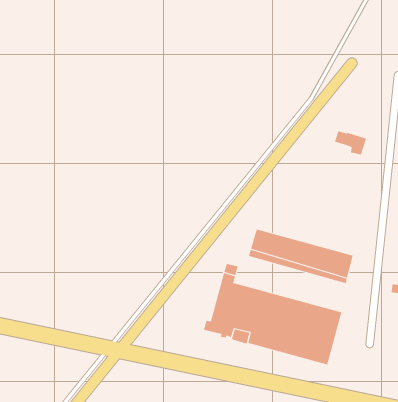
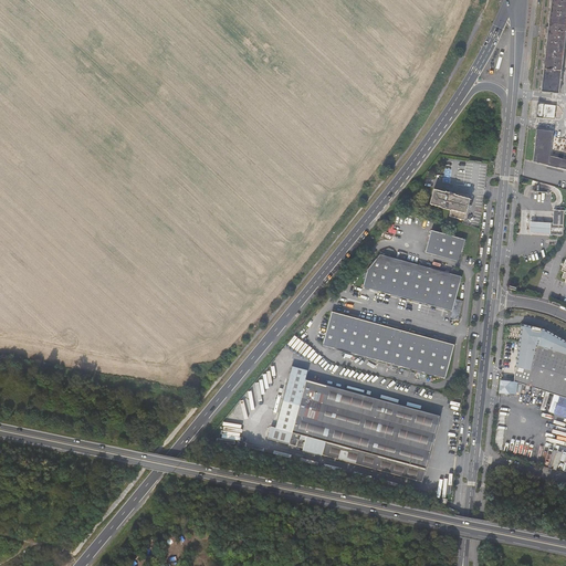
building: none -> [426,230,465,261]
building: none -> [364,253,464,319]

